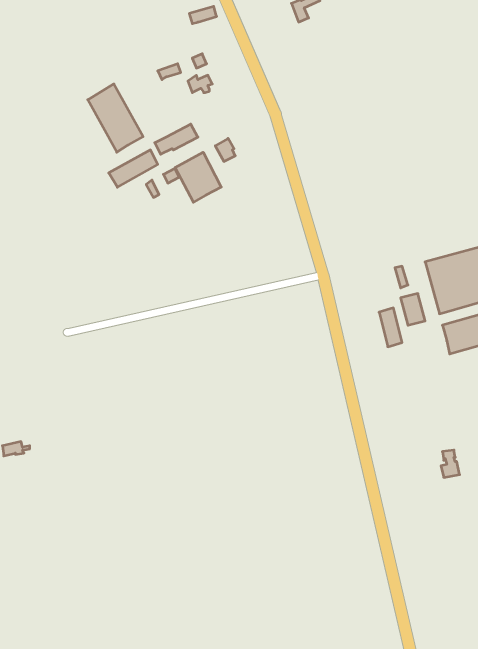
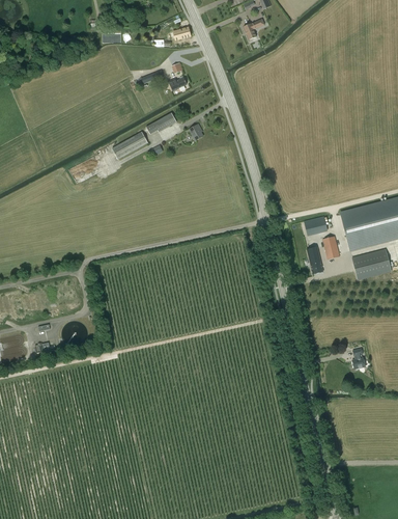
building: [88,84,143,152] -> none
building: [175,152,221,202] -> none

